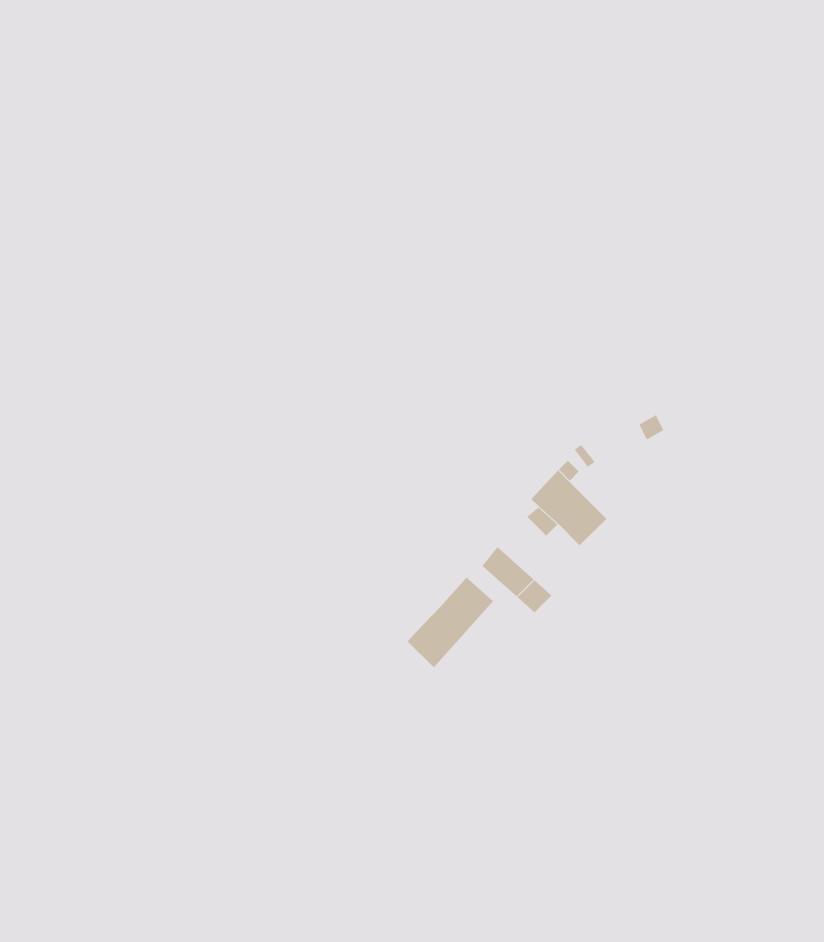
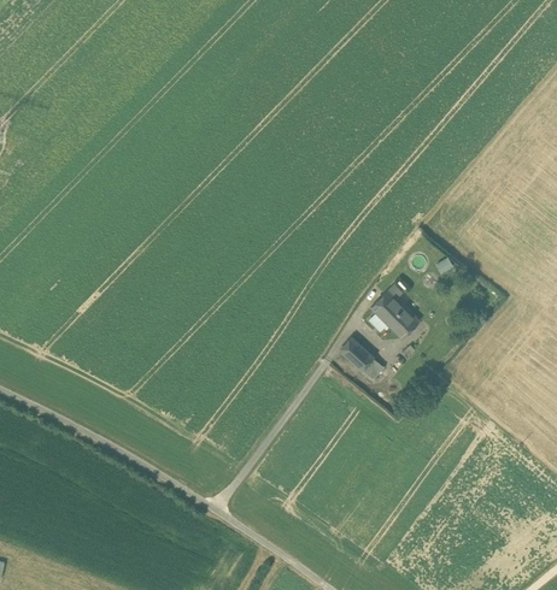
building: [407,577,494,668] -> none

